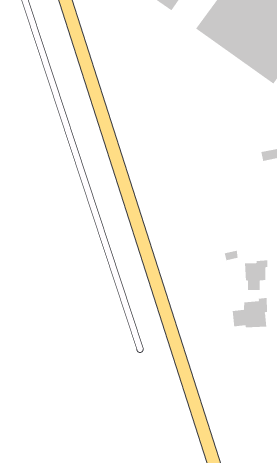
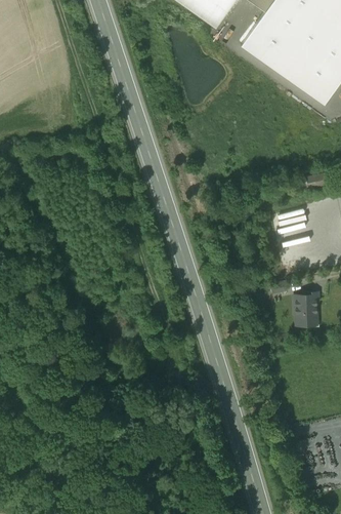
building: [232,297,268,328] -> none

